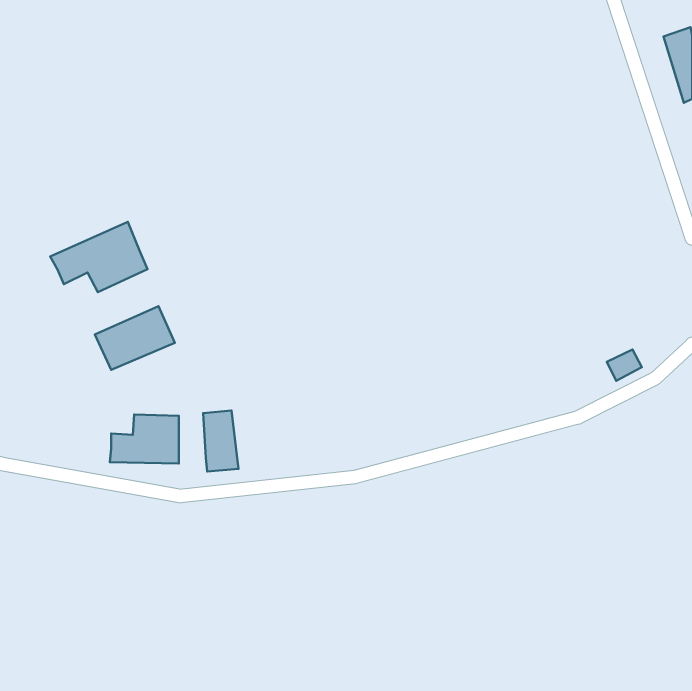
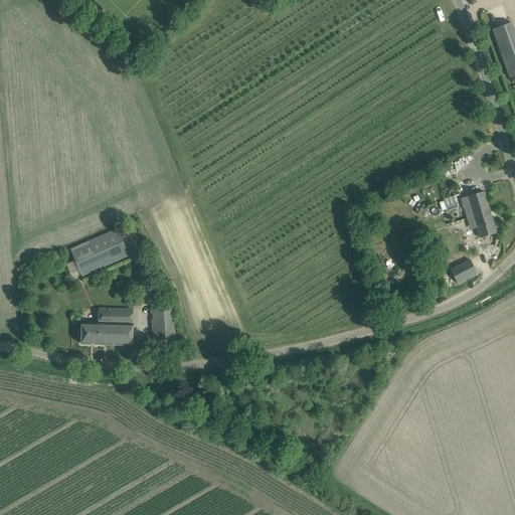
building: [50,222,148,292] -> none
building: none -> [462,191,497,237]

